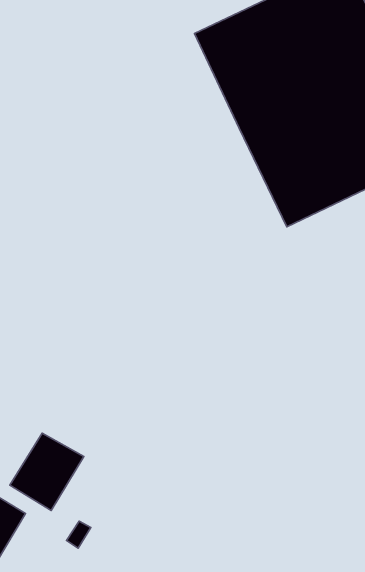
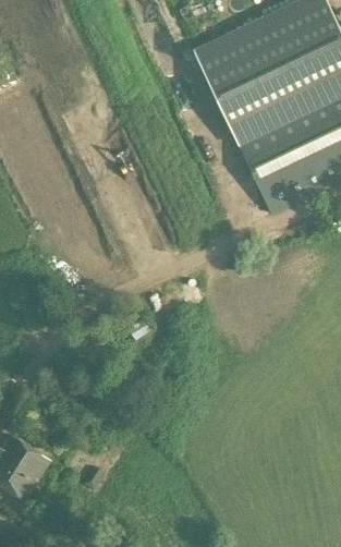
building: [10,433,84,510] -> none

